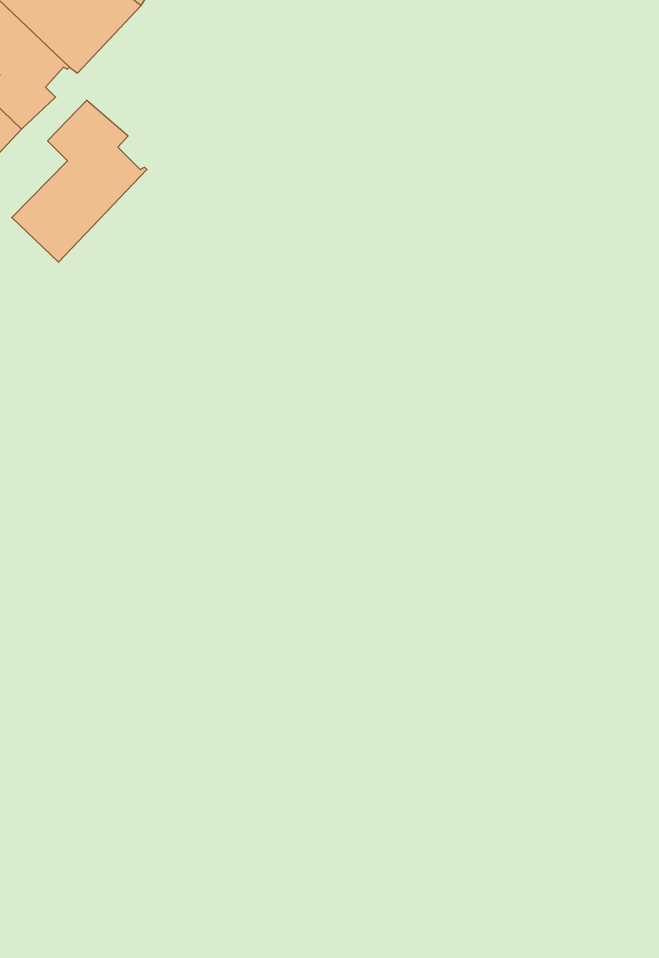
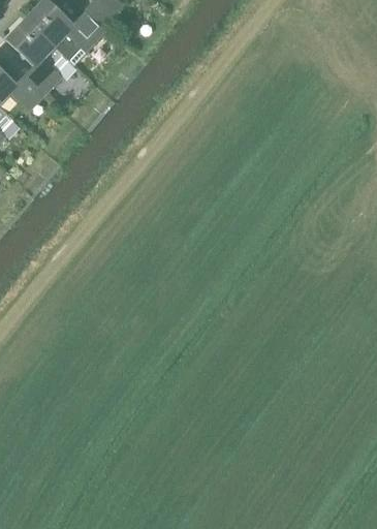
building: [12,100,147,262] -> none

